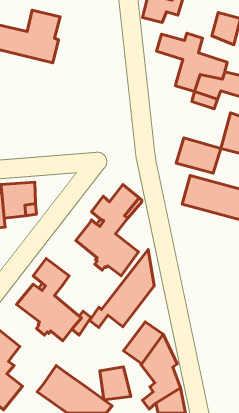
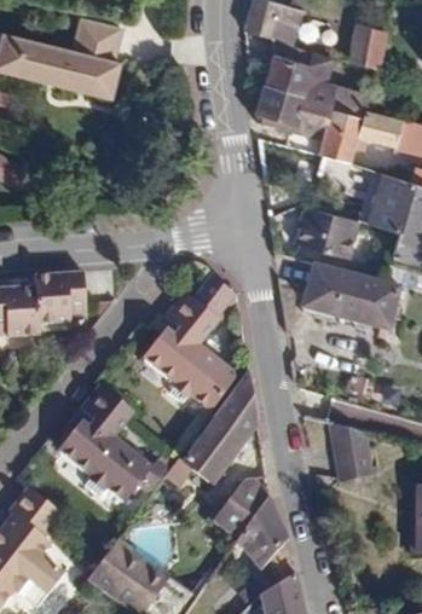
building: none -> [252,79,301,124]
building: none -> [330,422,372,479]
building: [100,367,131,400] -> none

